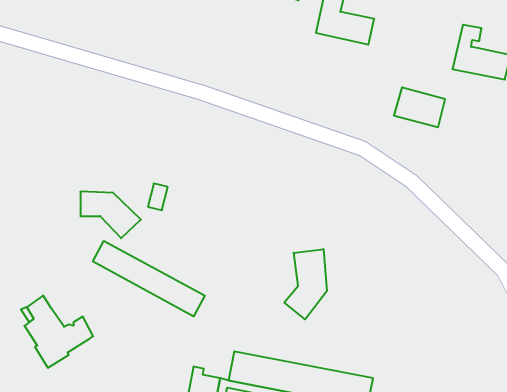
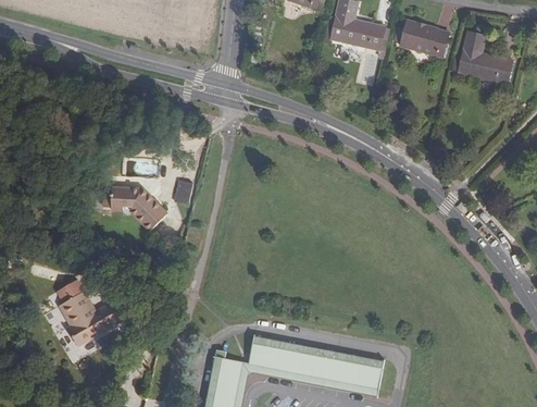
building: [394,87,445,127] -> [399,18,447,55]
building: [93,241,205,316] -> none
building: [284,249,327,319] -> none

